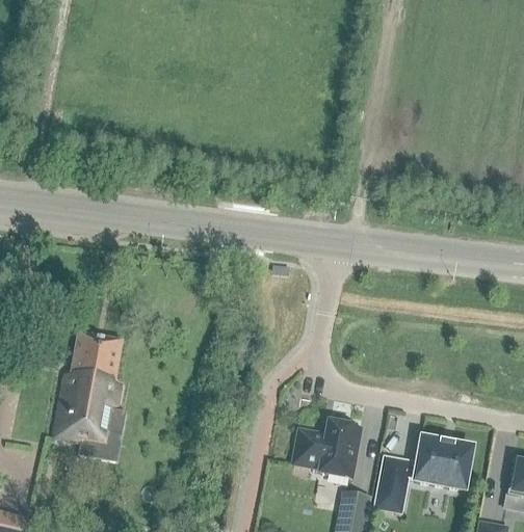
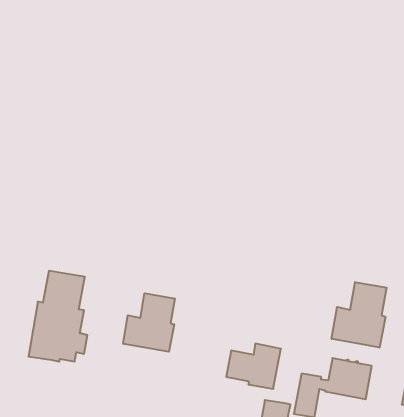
building: none -> [332,282,387,348]
building: none -> [123,293,175,352]

